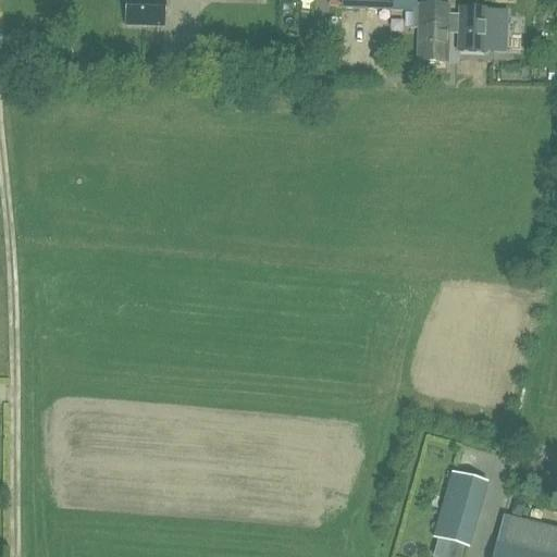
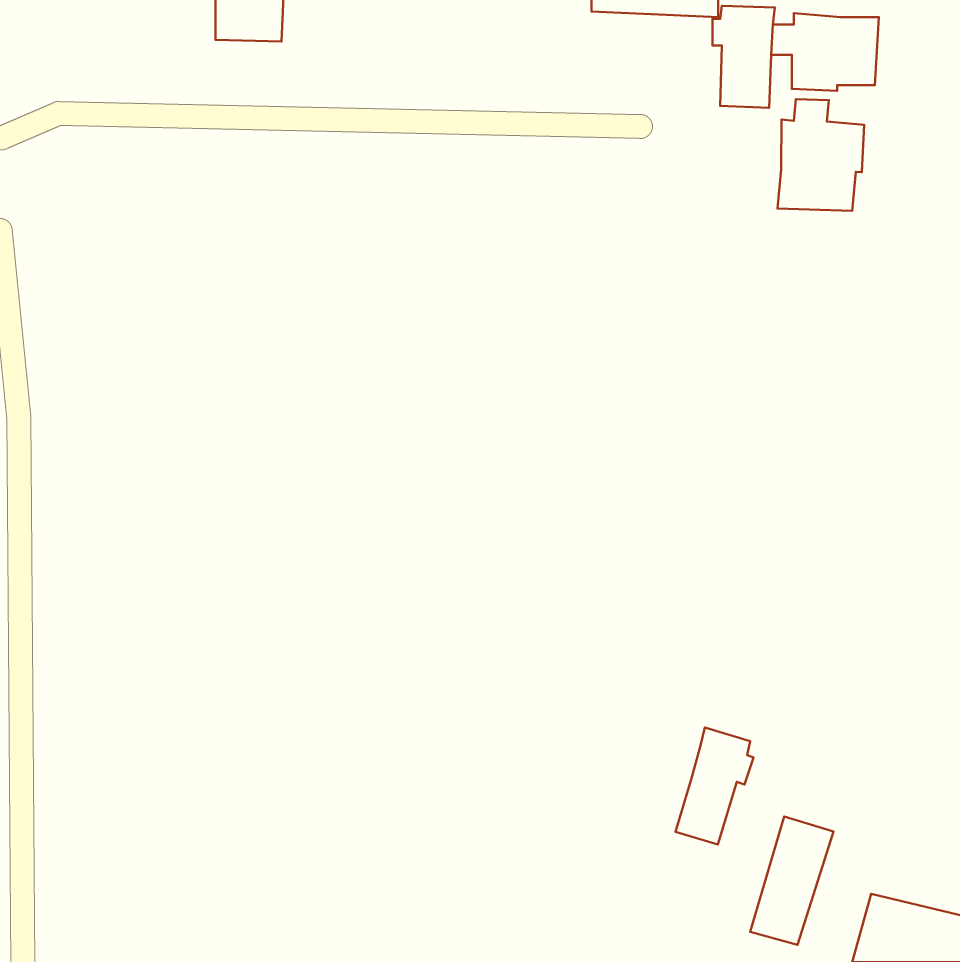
building: none -> [777,99,864,211]
building: none -> [676,728,754,844]

